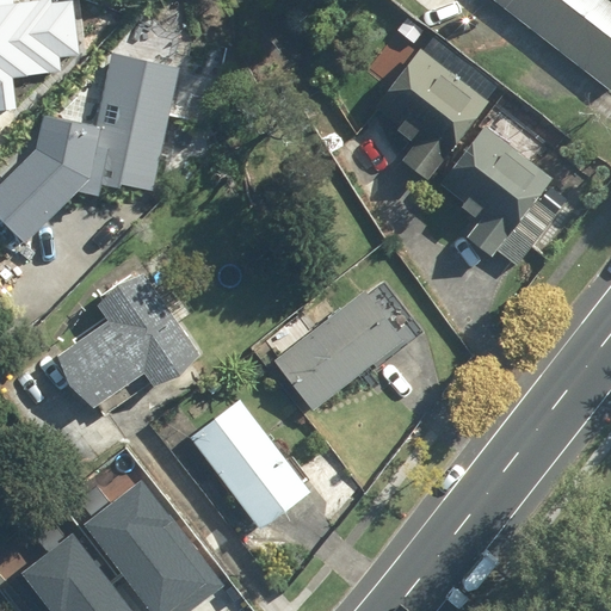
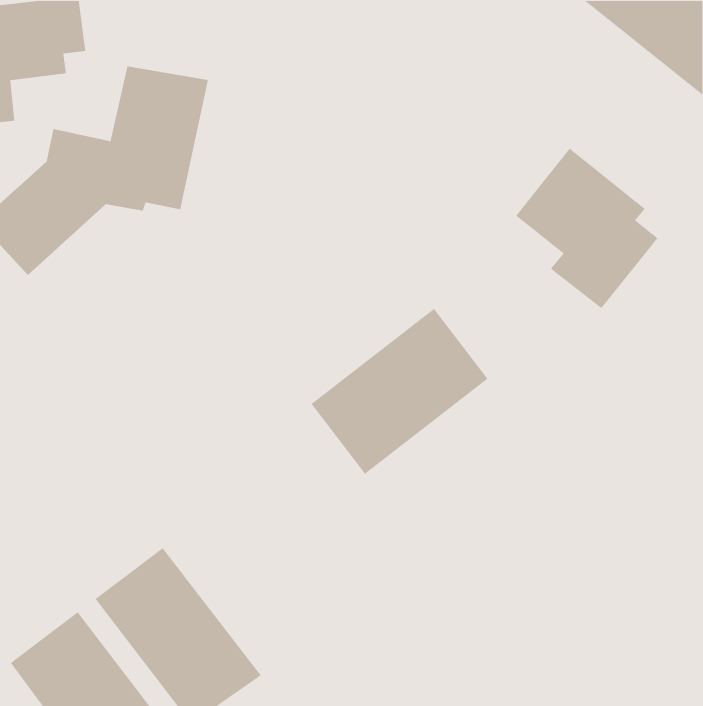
building: [375,48,492,174] -> none
building: [57,271,204,407] -> none
building: [159,403,314,529] -> none

